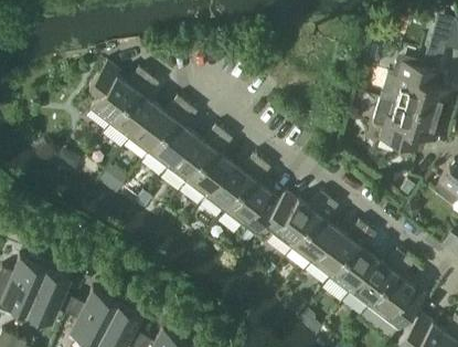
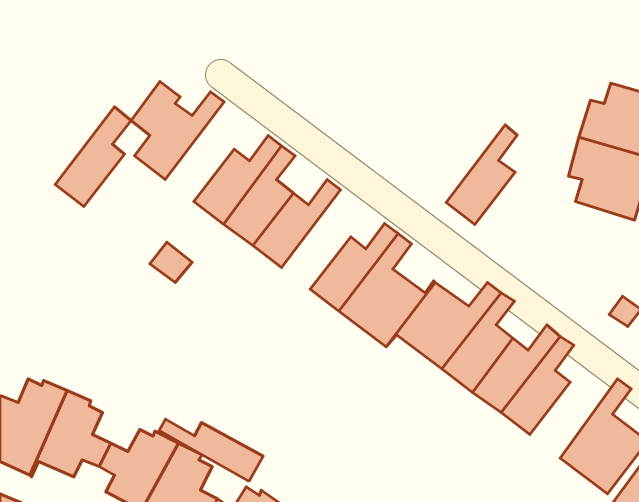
building: [108,75,158,140] -> [55,107,131,207]
building: [184,133,231,198] -> [446,125,517,225]
building: [347,250,404,308] -> none
building: none -> [159,419,263,481]

